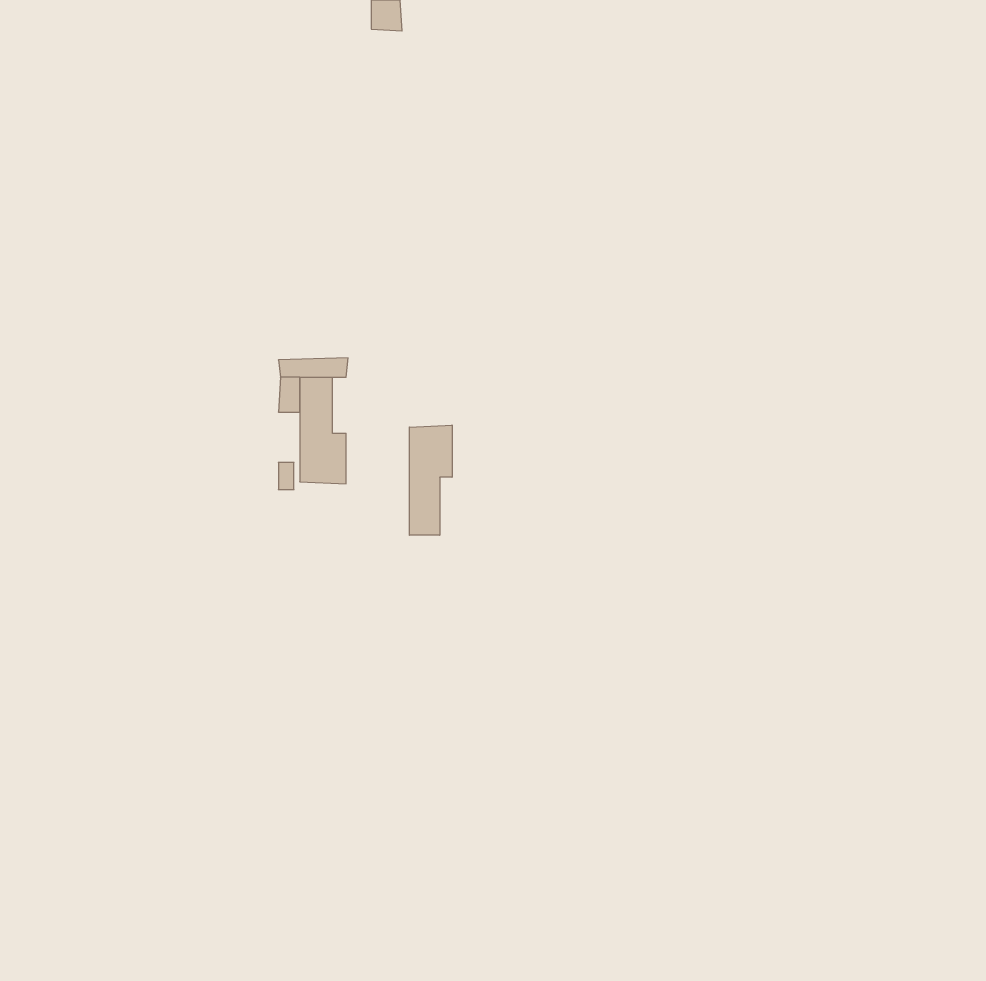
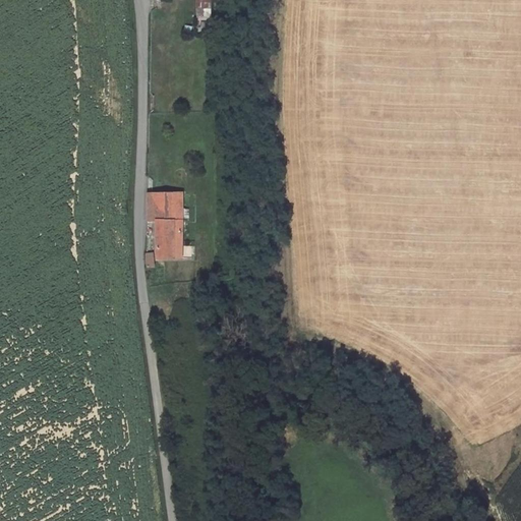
building: [409,425,452,535] -> none

